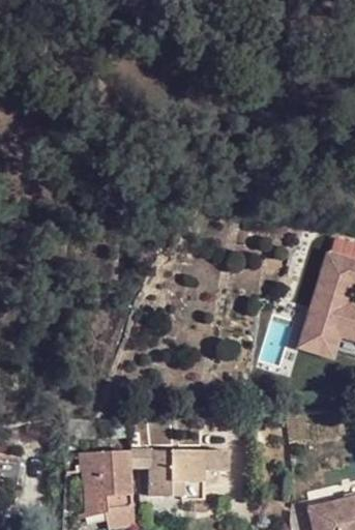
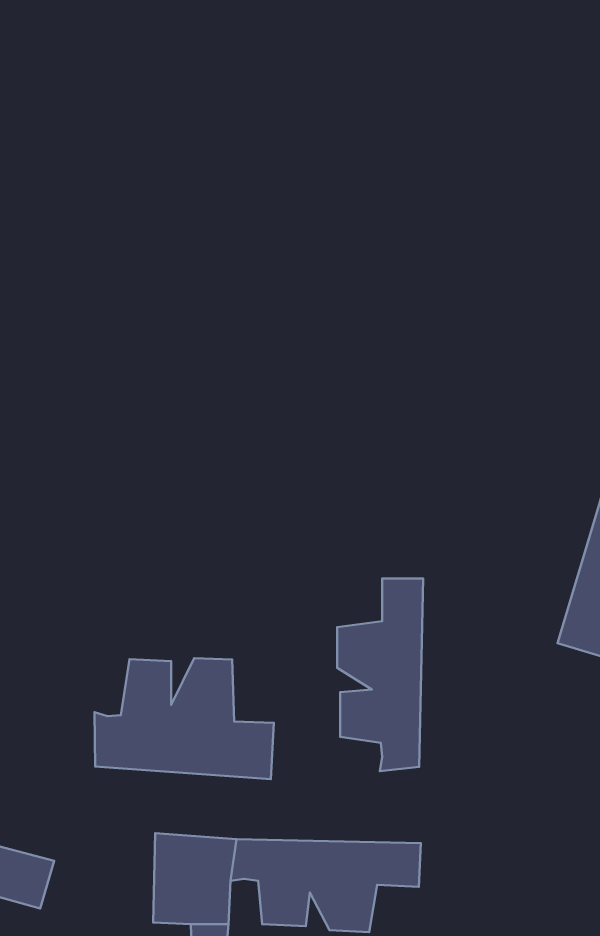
building: none -> [337,578,423,771]
building: none -> [94,658,274,779]

